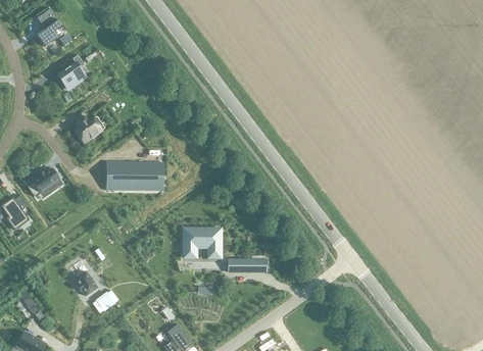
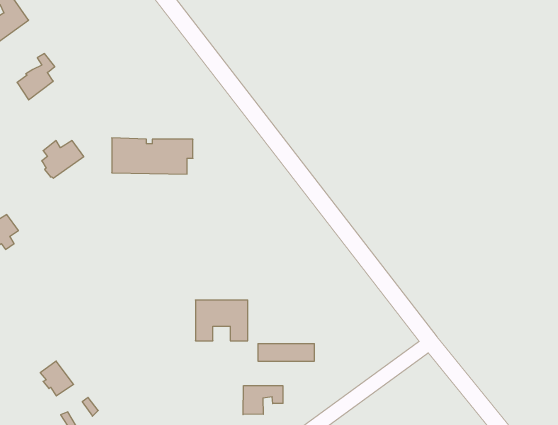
building: [105,161,162,187] -> [112,138,193,174]
building: none -> [243,386,283,415]

